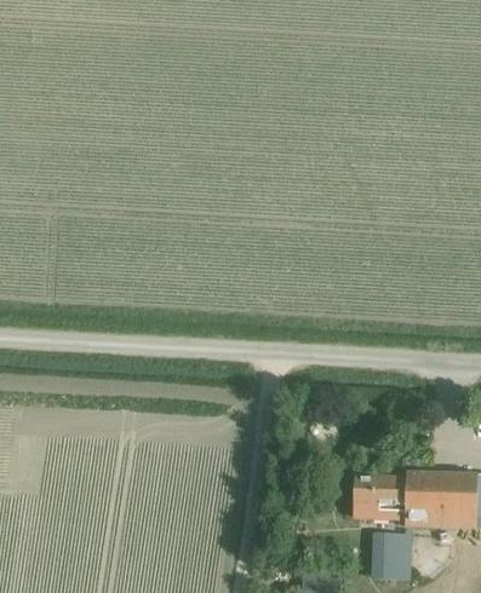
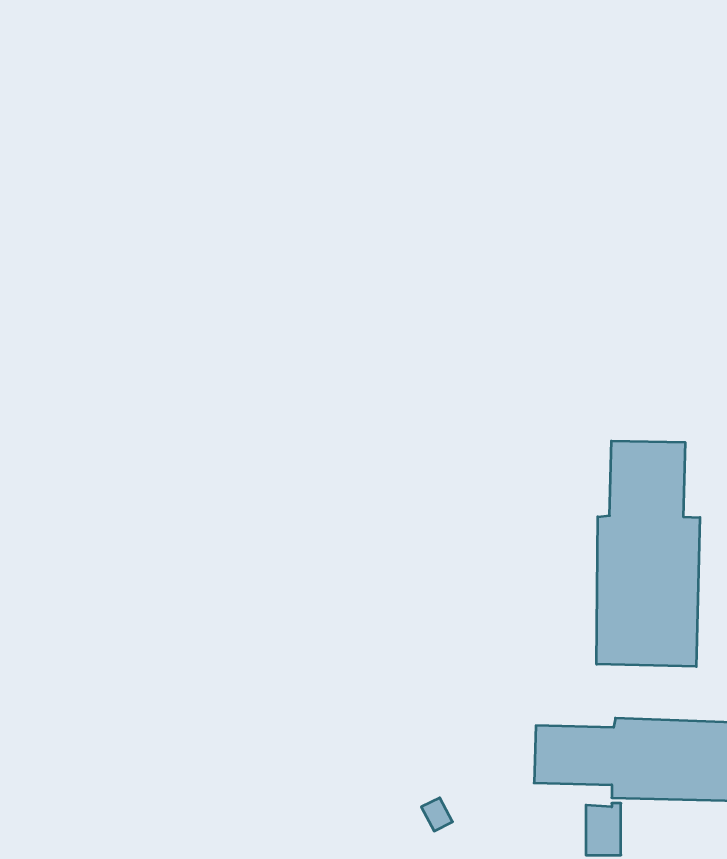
building: none -> [597,441,700,667]

